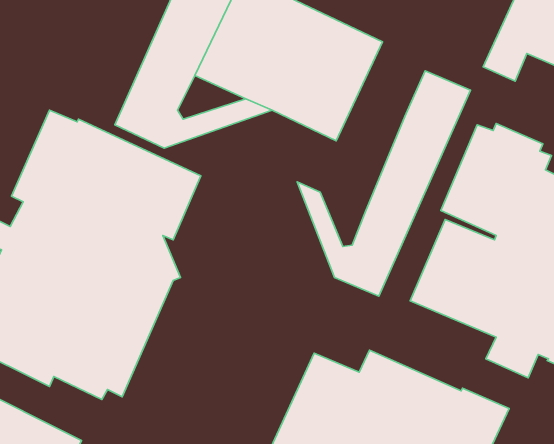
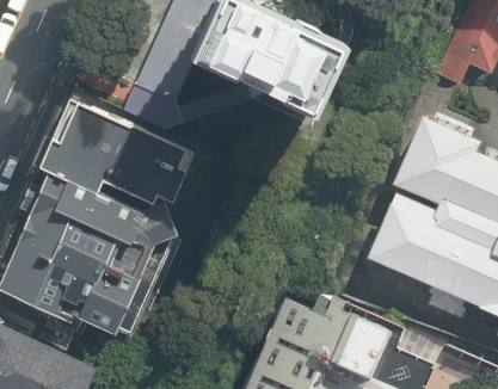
building: [297,71,470,296] -> none

